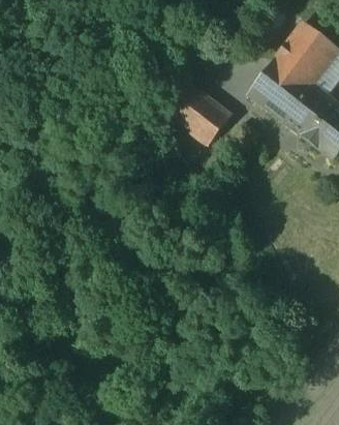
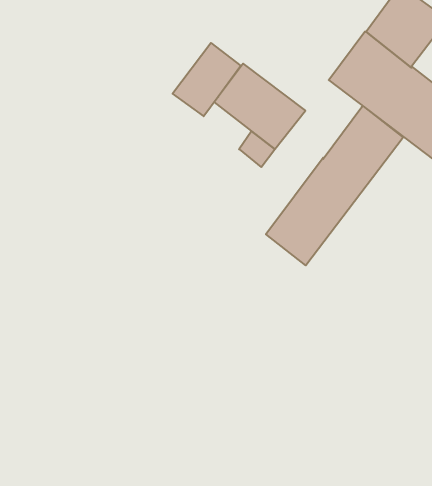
building: none -> [173,43,241,116]
building: none -> [266,106,403,265]

